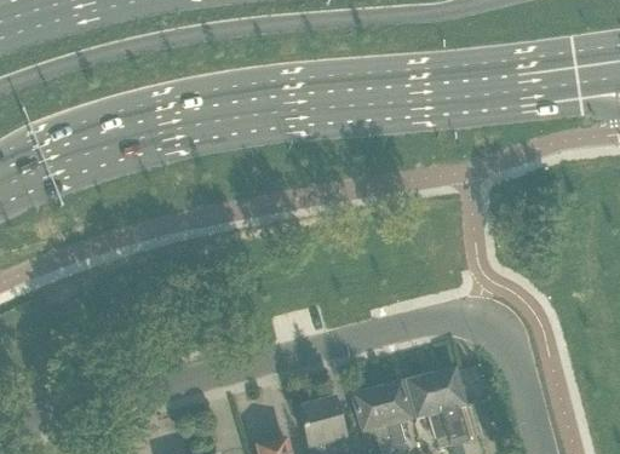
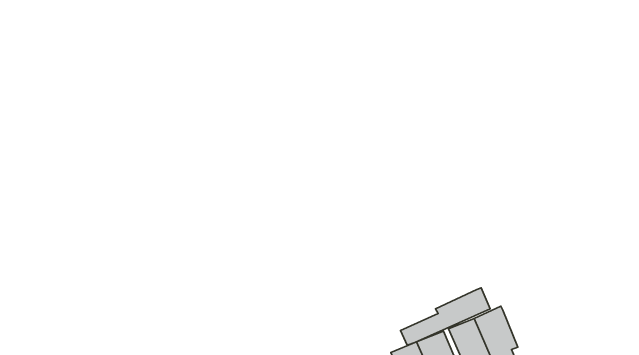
building: none -> [401,288,490,345]

